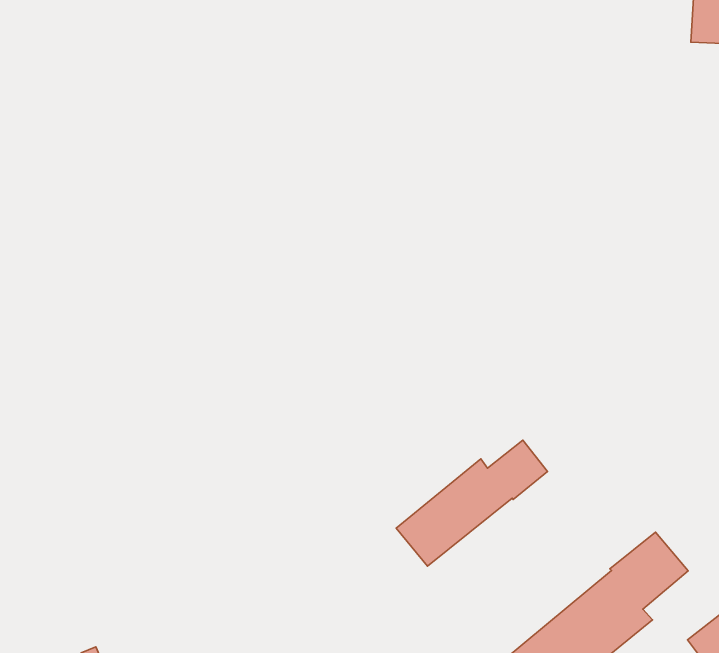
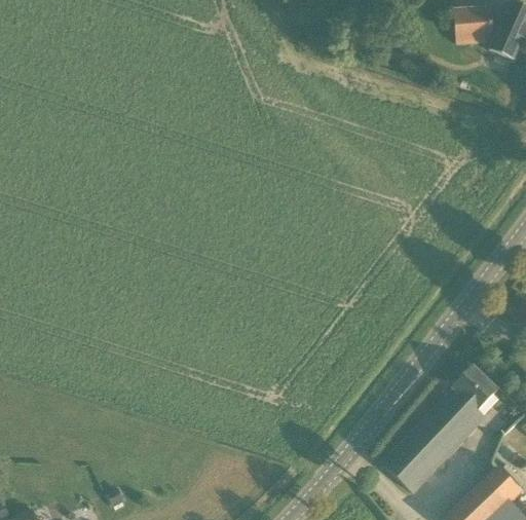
building: [396,440,547,566] -> none

